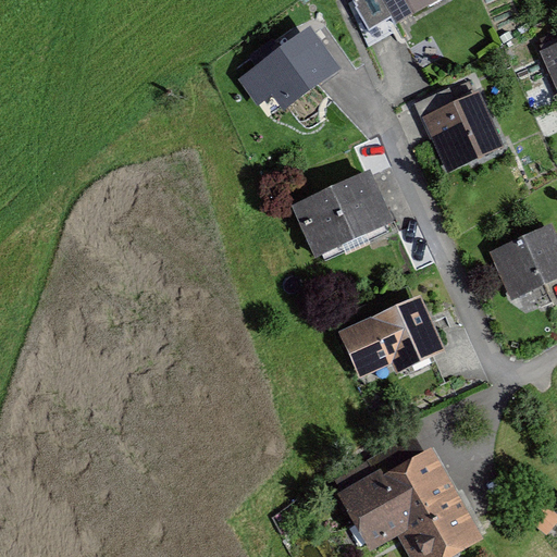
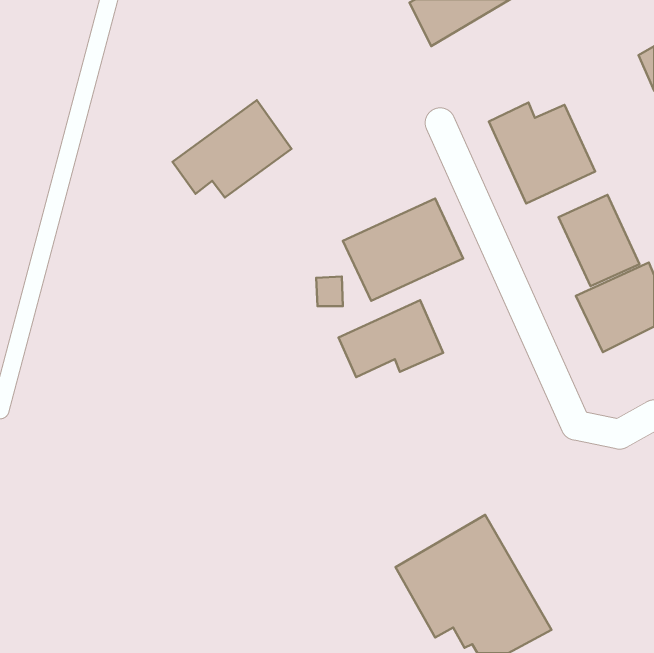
building: [238,26,339,109] -> [172,100,291,198]
building: none -> [559,195,639,286]
building: [347,305,436,370] -> [338,300,443,377]

